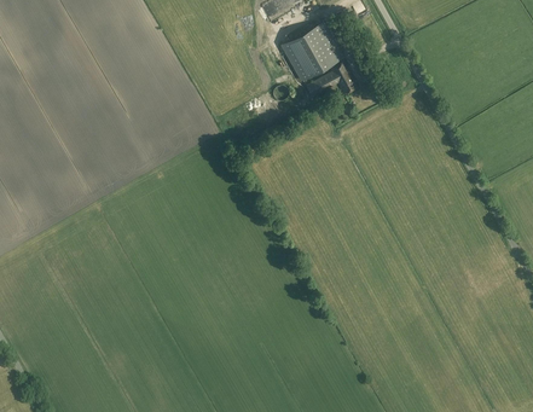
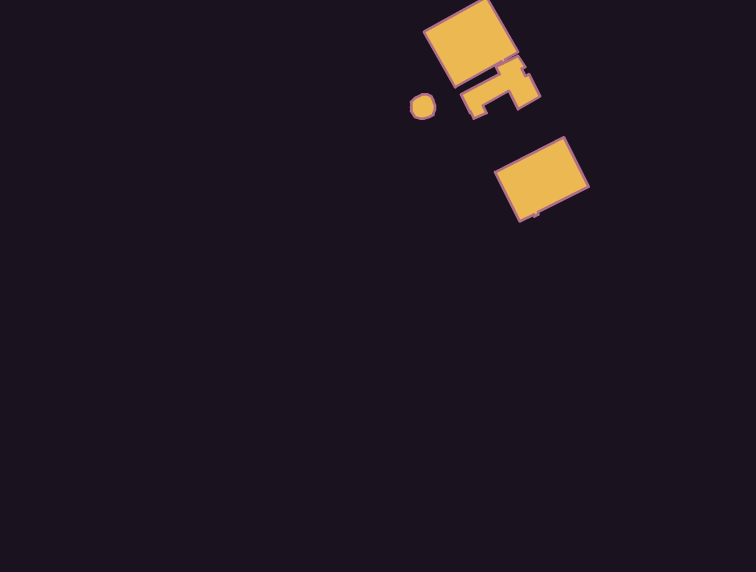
building: none -> [495,137,589,221]

